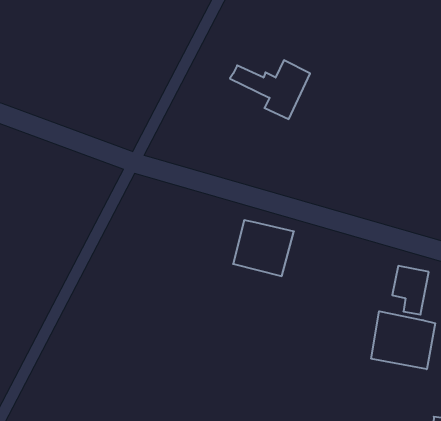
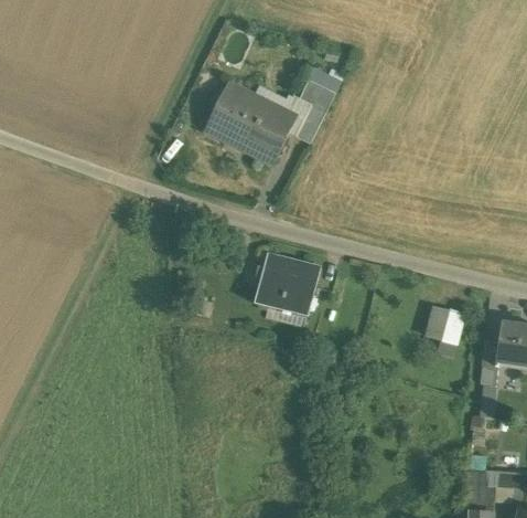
building: none -> [204,82,293,163]
building: [371,311,435,369] -> none

